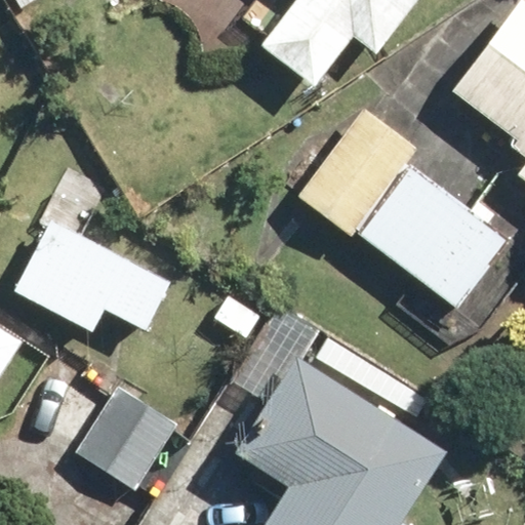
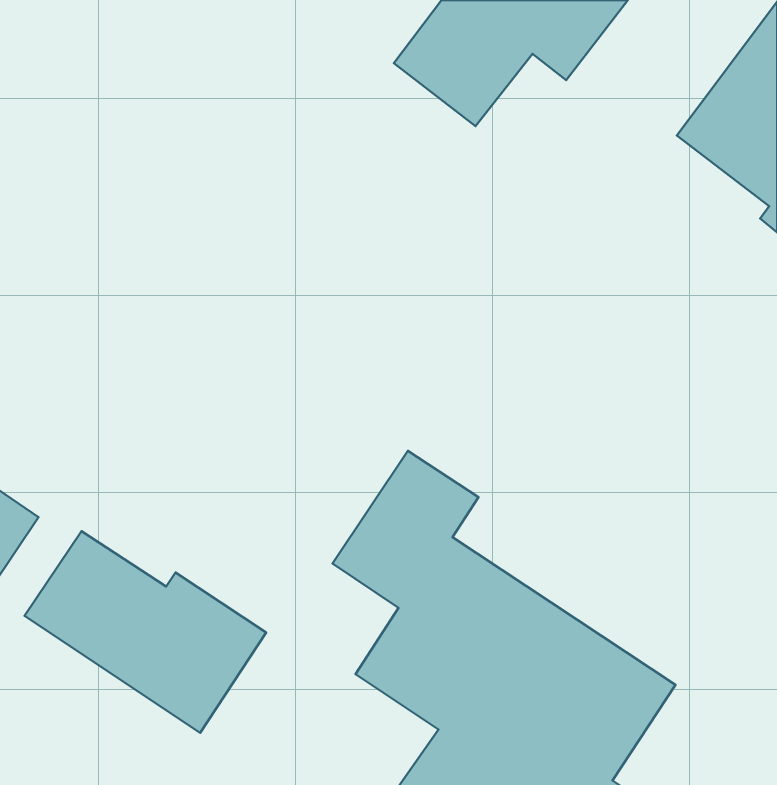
building: [295,108,510,310] -> none
building: [16,219,173,332] -> none

